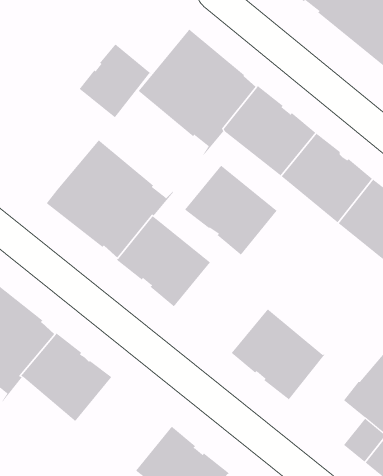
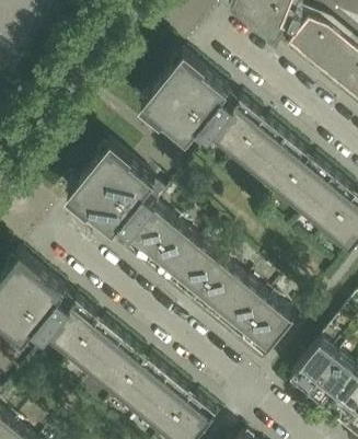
building: [79,44,152,118] -> none
building: [184,165,278,255] -> [172,245,247,319]
building: none -> [92,338,170,414]
building: none -> [291,357,326,393]

